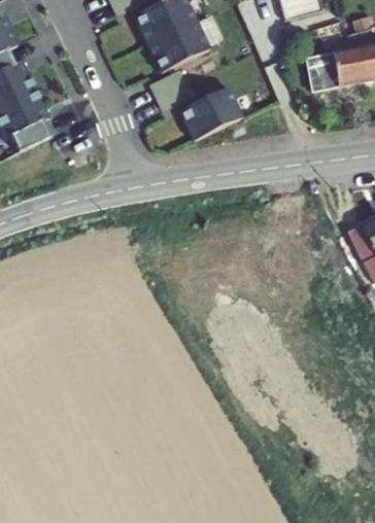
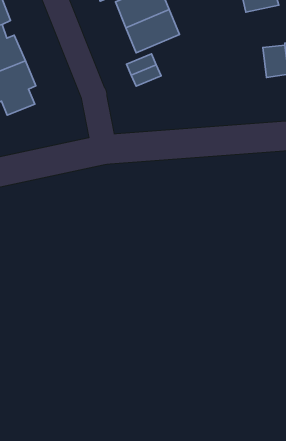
building: [180,85,243,139] -> none

